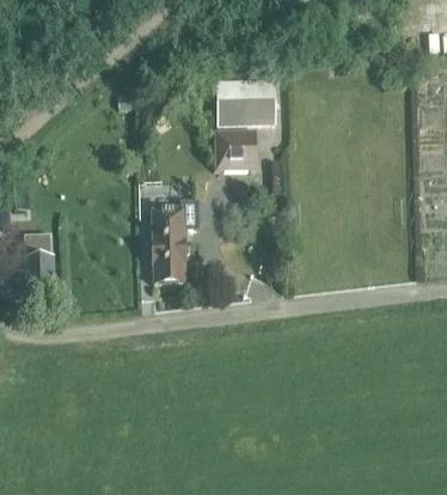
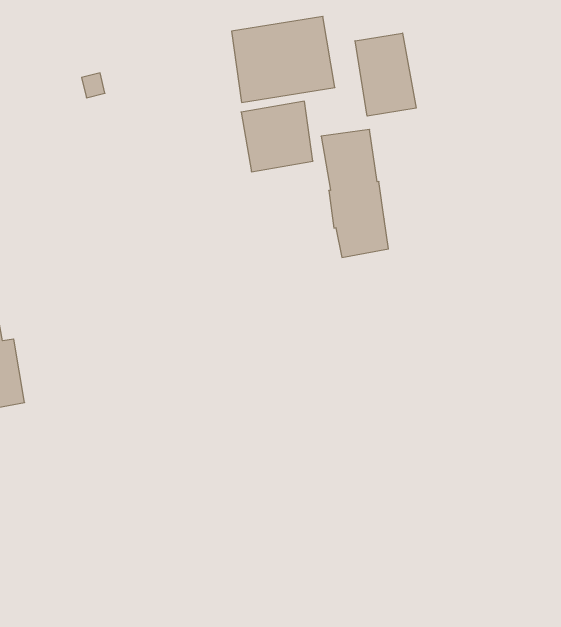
building: none -> [355,33,416,116]
building: [152,202,184,280] -> [321,129,388,257]

